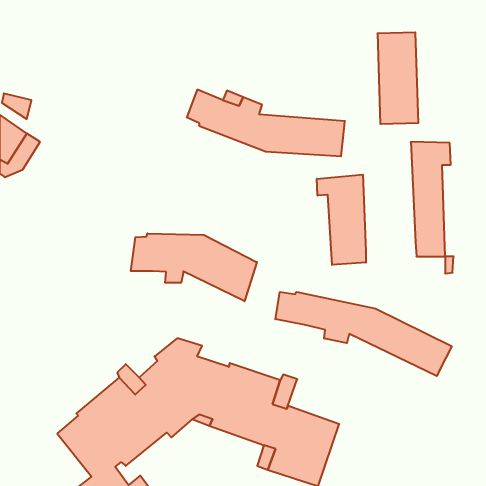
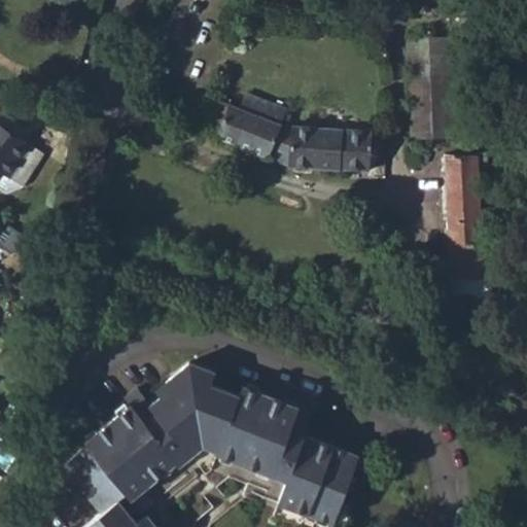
building: [317,175,366,265] -> none
building: [131,233,257,301] -> none
building: [275,292,452,376] -> none

